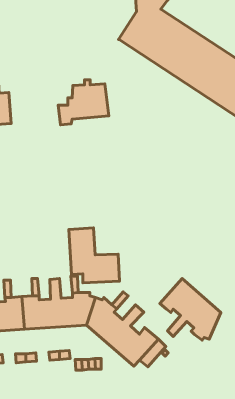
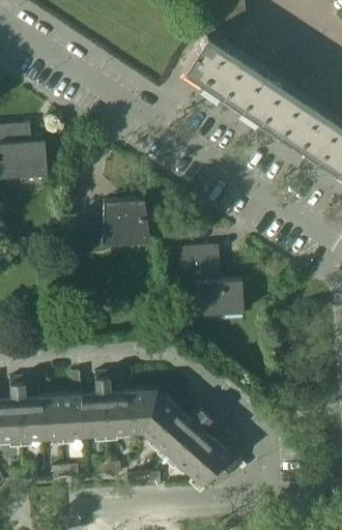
building: [58,80,109,125] -> [87,199,151,256]
building: [69,228,120,283] -> [181,251,246,320]
building: [160,278,221,340] -> none

